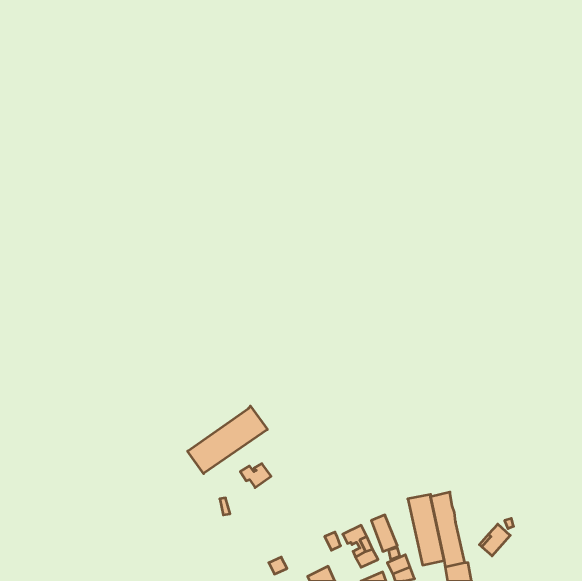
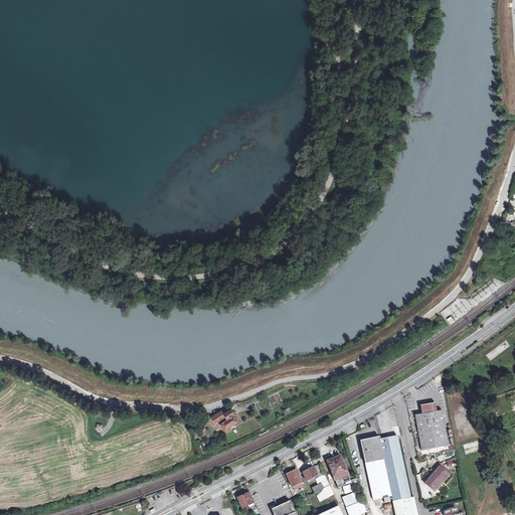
building: [188,406,267,474] -> none
building: none -> [415,403,449,450]

